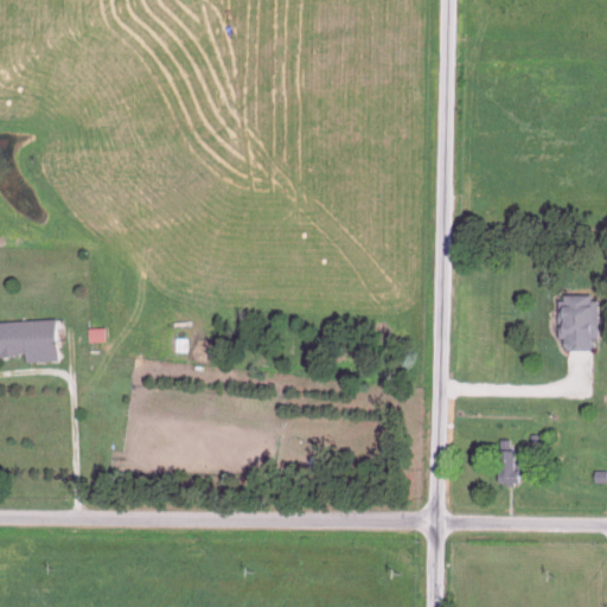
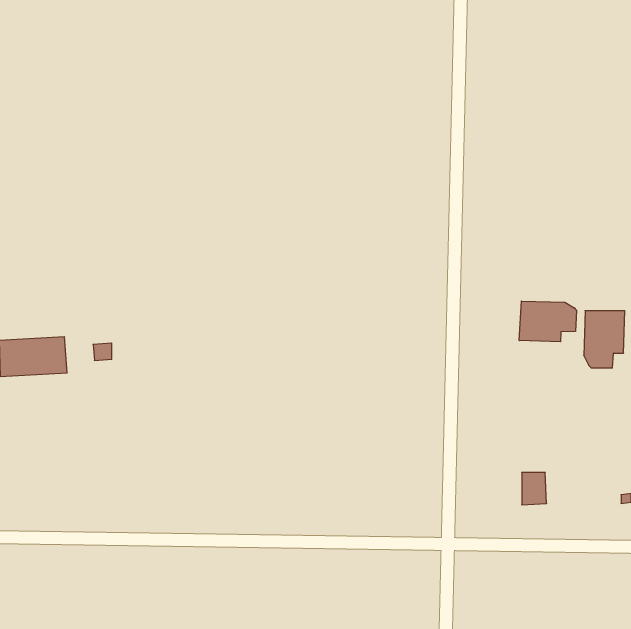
building: none -> [519,301,577,342]

